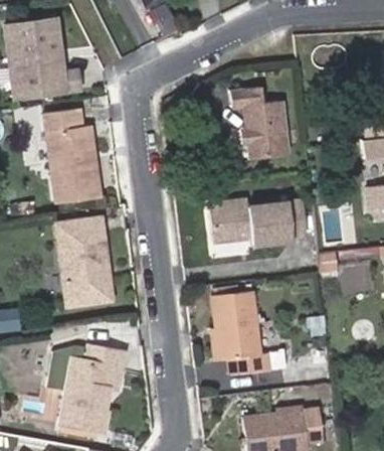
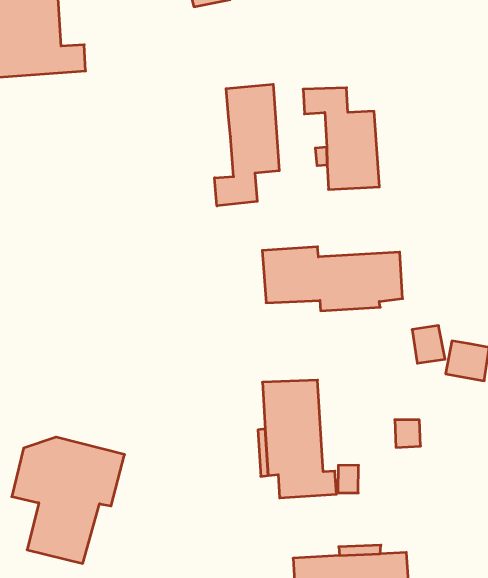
building: none -> [215,84,279,206]
building: [42,107,99,202] -> none
building: [54,216,112,305] -> none

